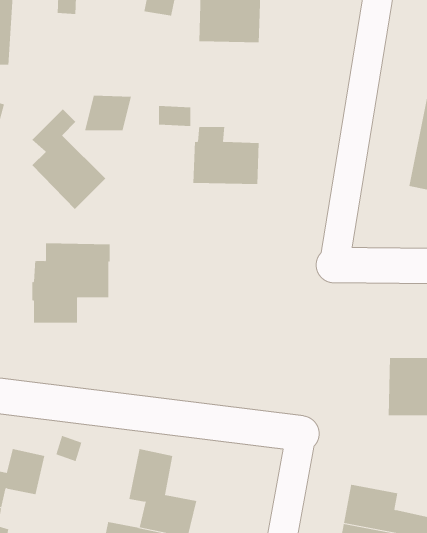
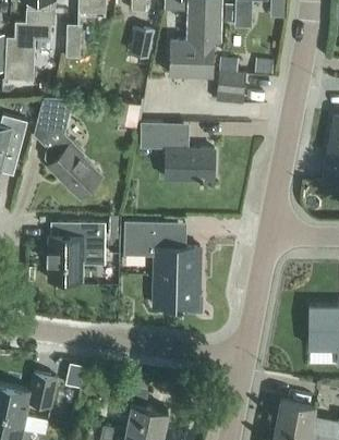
building: none -> [217,58,246,95]
building: [84,95,132,131] -> [38,98,73,124]
building: none -> [125,223,204,313]

